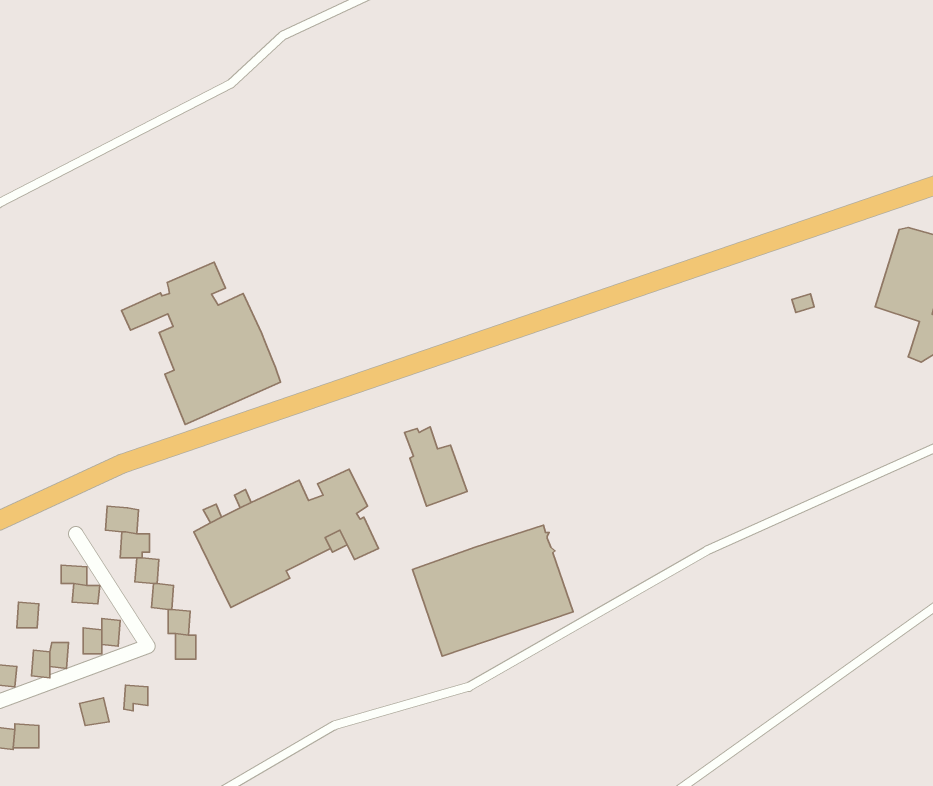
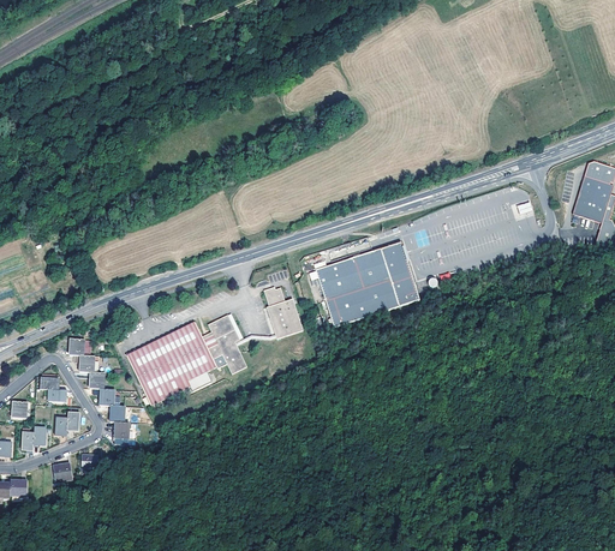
building: [122,262,280,424] -> none
building: [413,525,573,656] -> [316,241,420,327]

